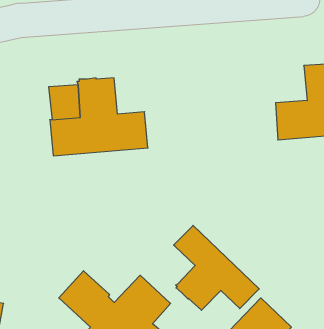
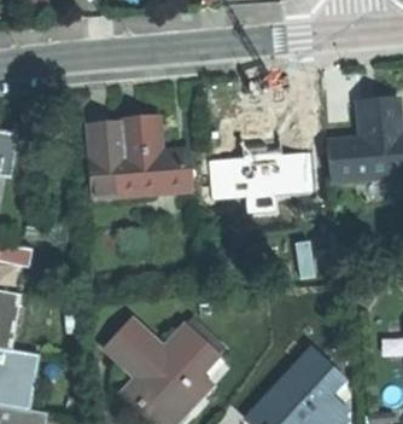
building: none -> [208,116,315,198]
building: [174,225,259,310] -> none

